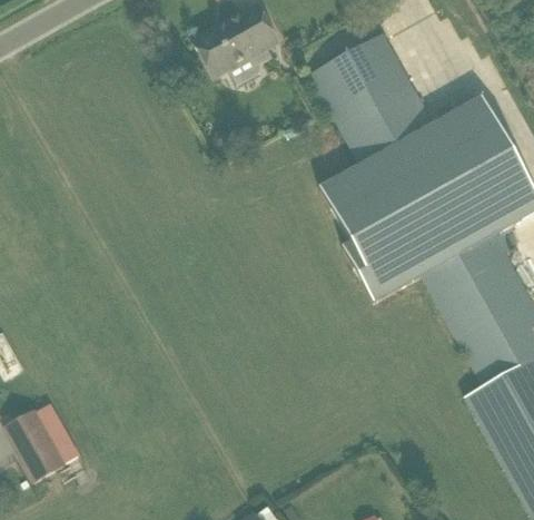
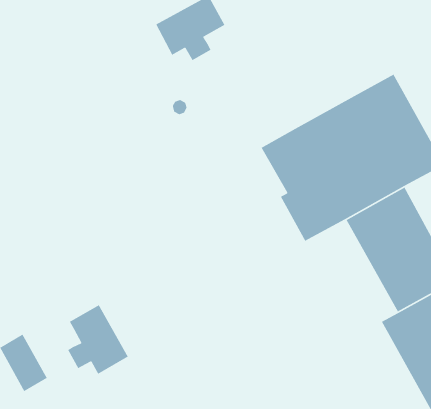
building: [313,33,434,163] -> none
building: none -> [67,304,129,375]

